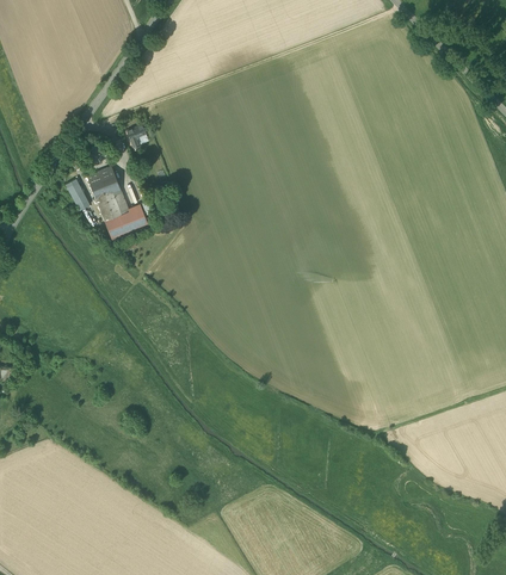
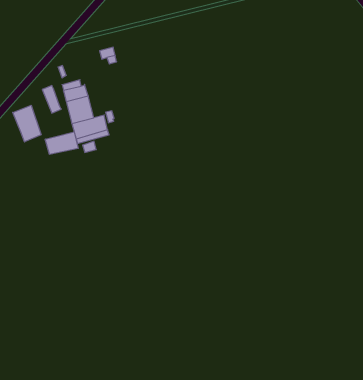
building: none -> [13,105,41,142]
building: none -> [45,132,78,154]

